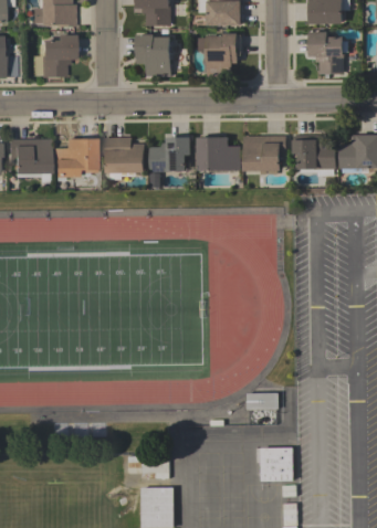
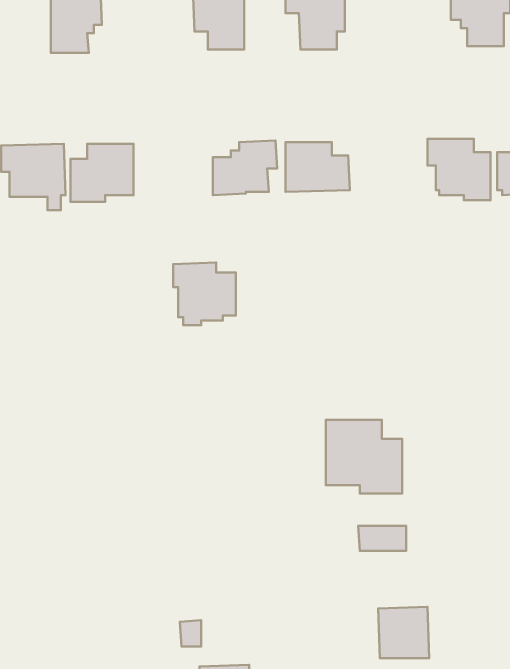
building: [242,135,285,173] -> none
building: [102,137,144,179] -> [173,262,236,325]
building: none -> [326,420,402,494]

